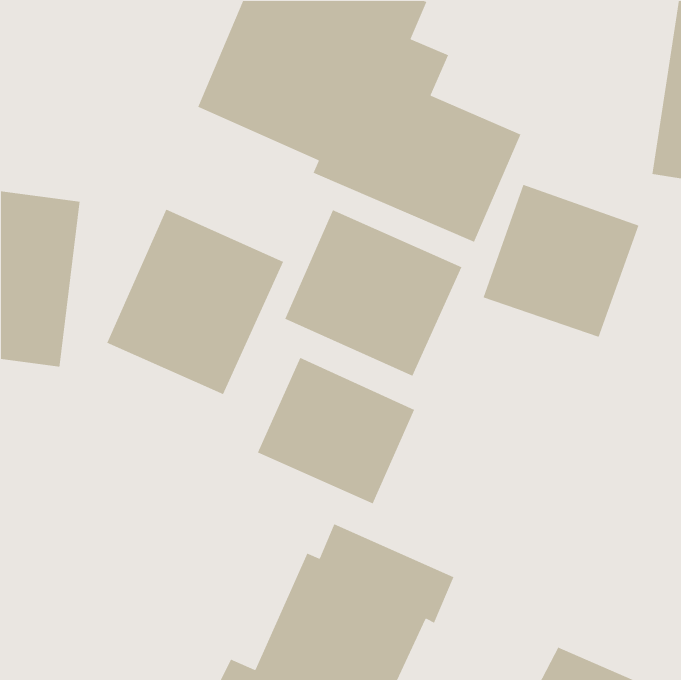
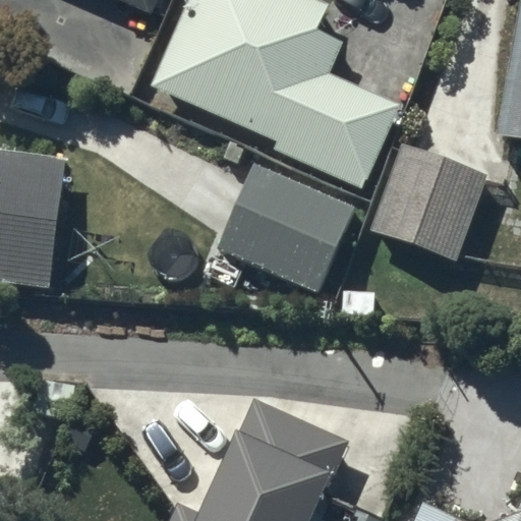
building: [106,209,284,395] -> none
building: [257,357,415,504] -> none

